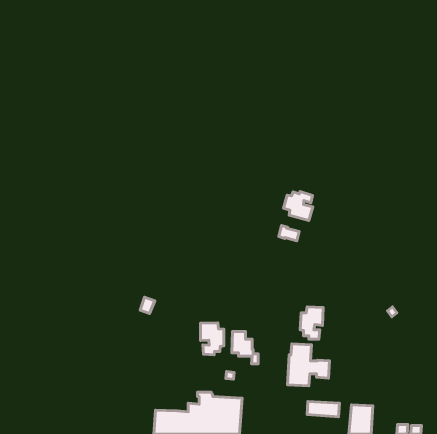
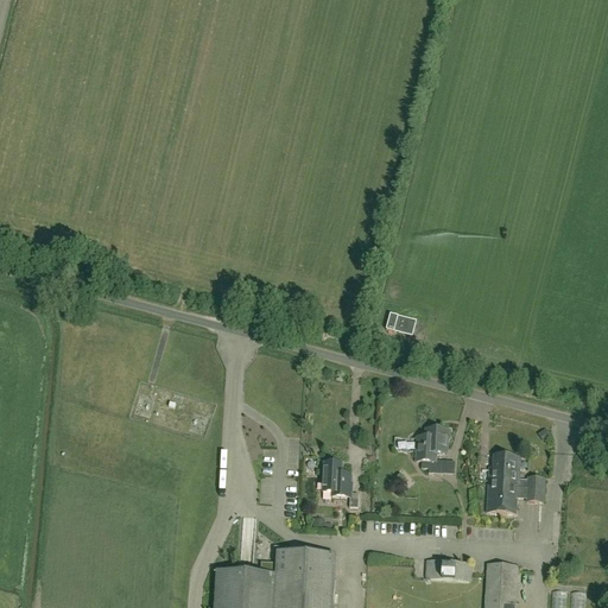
building: [284,191,313,221] -> none
building: [200,323,224,355] -> none
building: [288,344,329,386] -> [487,454,545,512]

